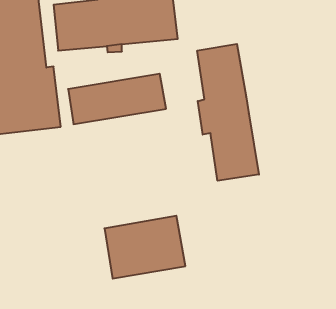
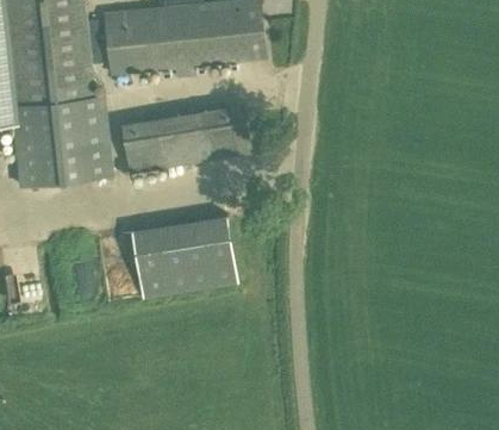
building: [197,44,259,181] -> none
building: [104,216,185,279] -> [131,214,238,298]

